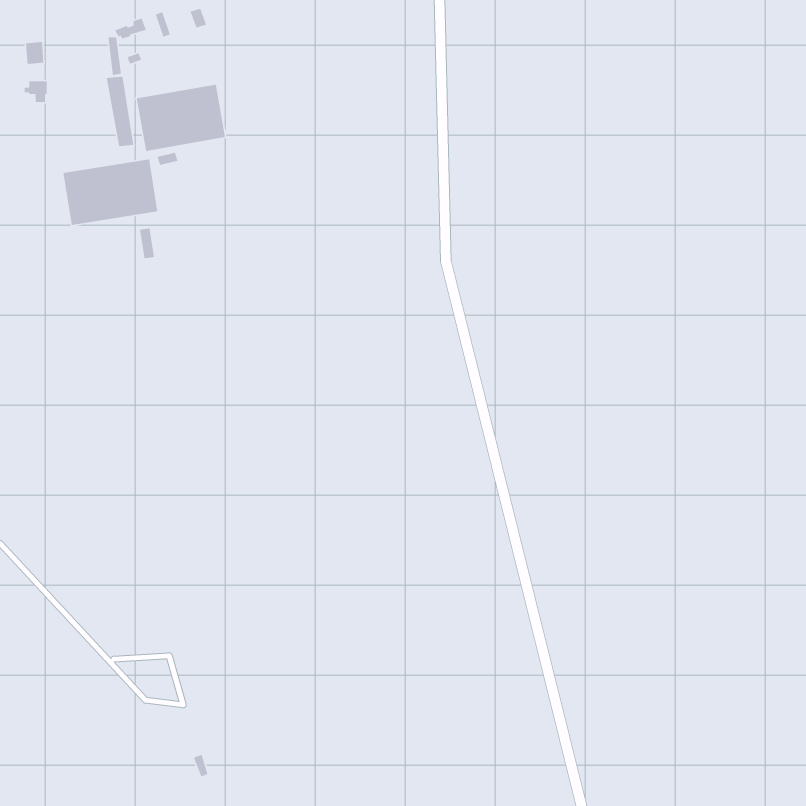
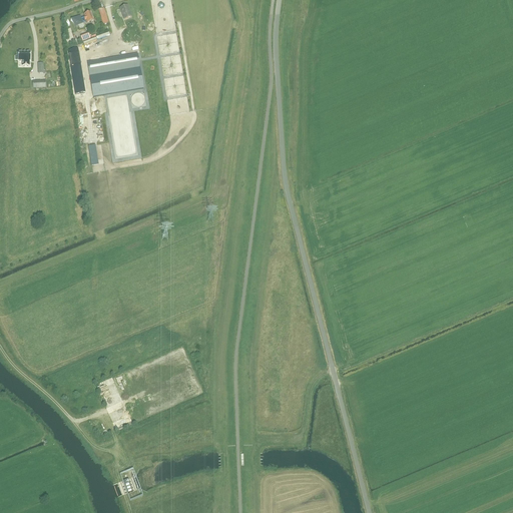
building: [63,159,158,226] -> none

